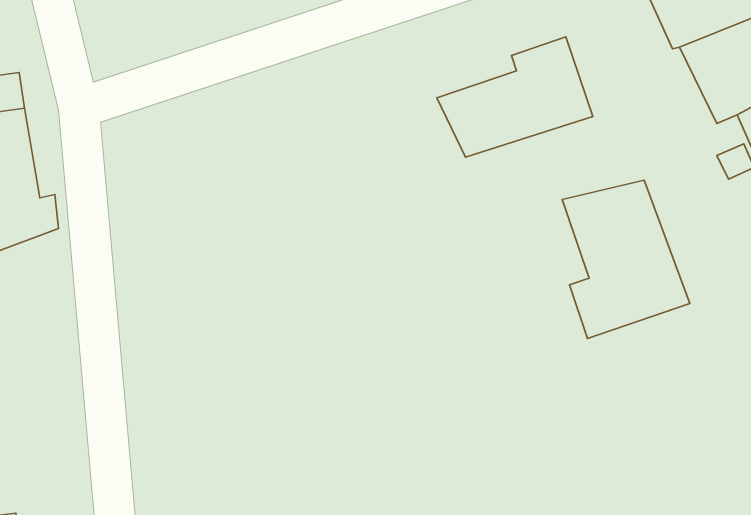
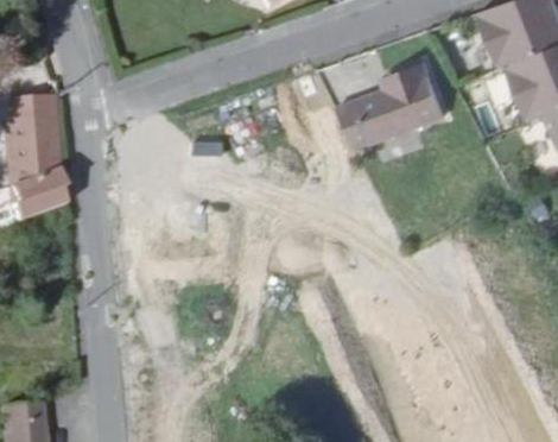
building: [562,180,690,338] -> none

